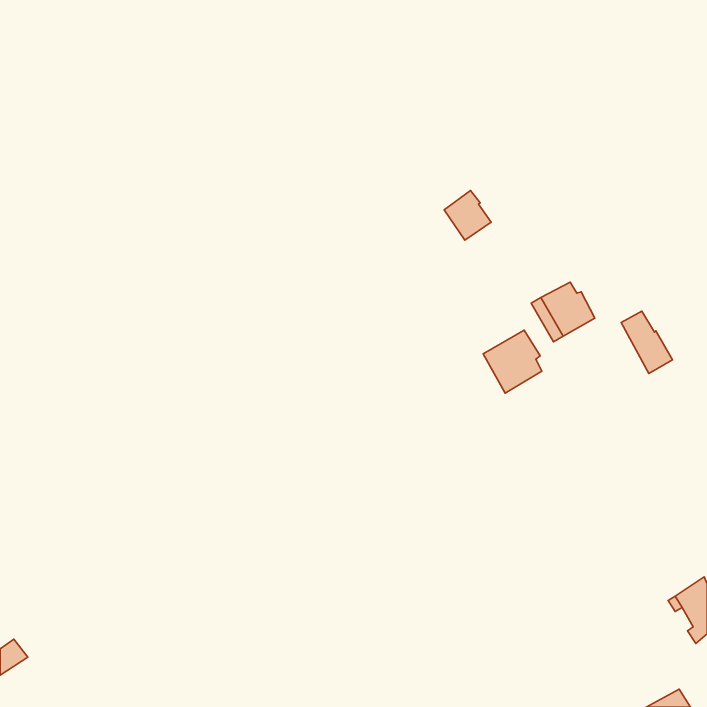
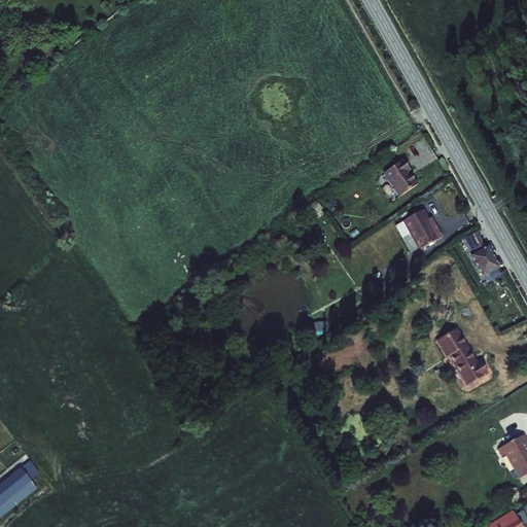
building: [444,190,491,240] -> [384,160,419,197]
building: [483,330,542,393] -> none
building: none -> [436,329,489,386]

